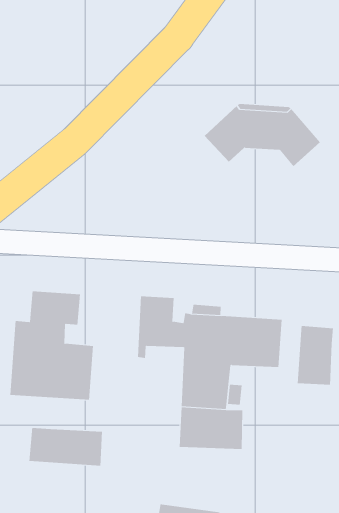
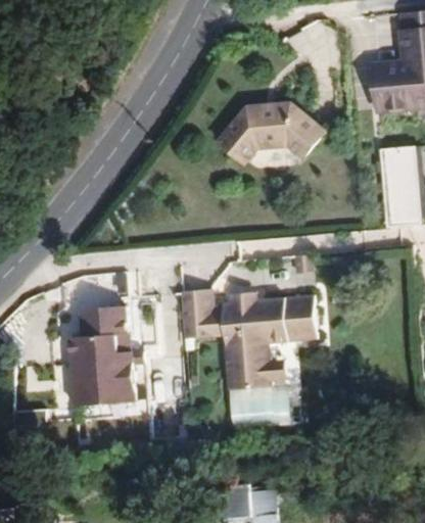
building: [297,325,333,386] -> none
building: [29,427,103,466] -> none

